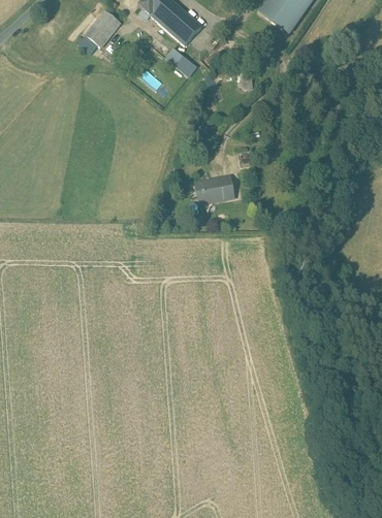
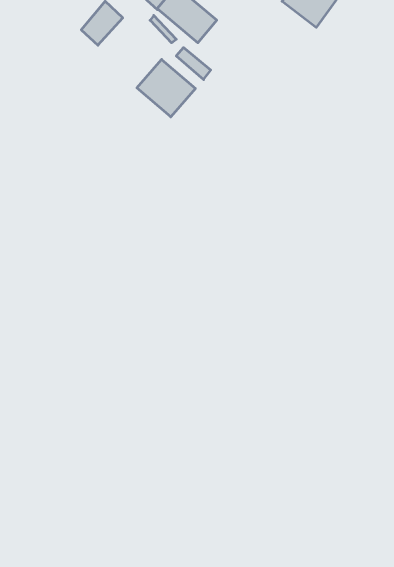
building: none -> [137,59,195,117]
building: [195,176,232,202] -> none

